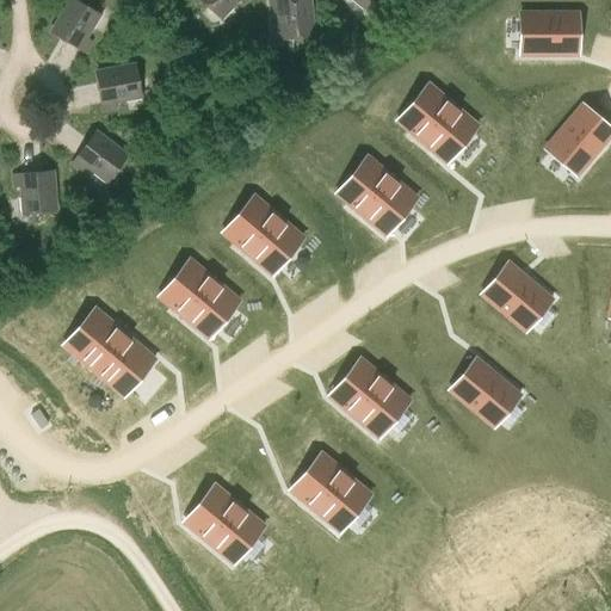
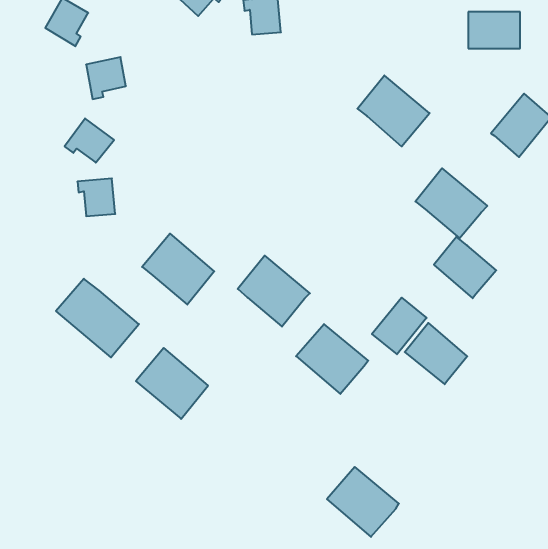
building: [338,156,418,234] -> [415,168,487,238]
building: [16,171,57,212] -> [77,178,115,216]
building: [224,196,304,274] -> [238,256,310,327]
building: none -> [372,298,427,354]
building: [291,453,371,531] -> [327,467,399,537]
building: [185,485,265,563] -> [136,348,208,419]

